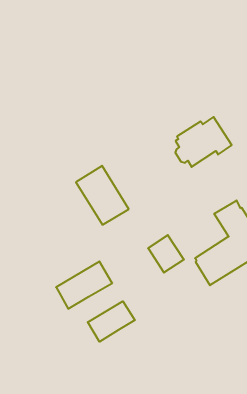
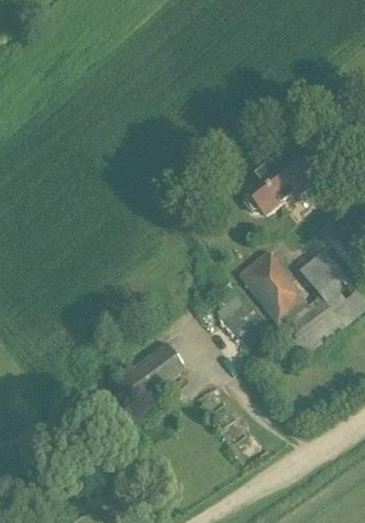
building: [76,166,129,225] -> [239,250,306,322]
building: [88,301,135,342] -> none

